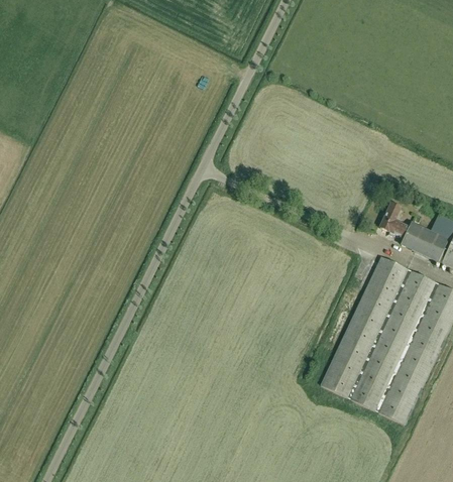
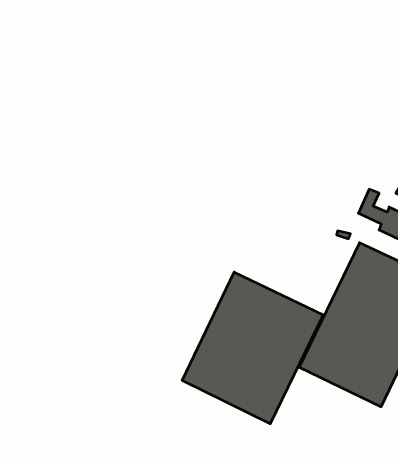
building: none -> [182,272,323,424]

